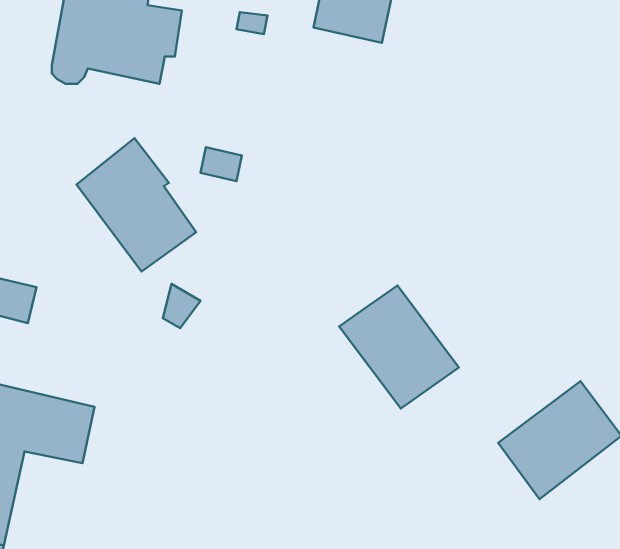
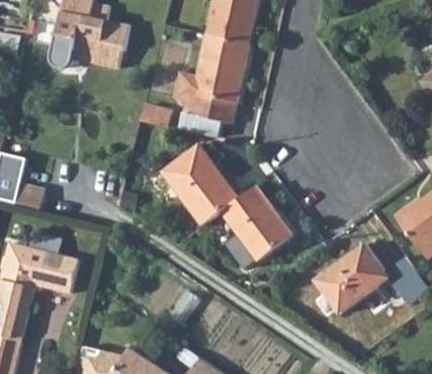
building: none -> [174,33,247,121]
building: [76,138,196,272] -> [165,145,236,223]

